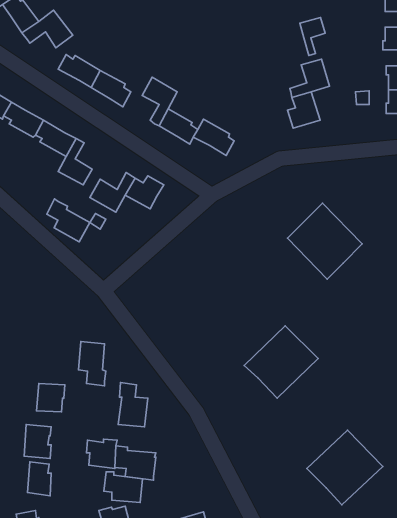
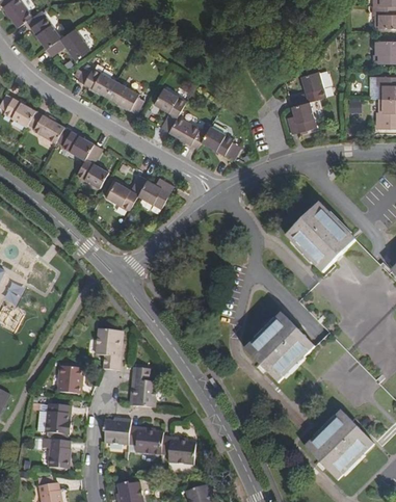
building: [300,17,325,56] -> none
building: [47,199,90,242] -> none
building: [104,472,142,503] -> [163,435,199,464]

